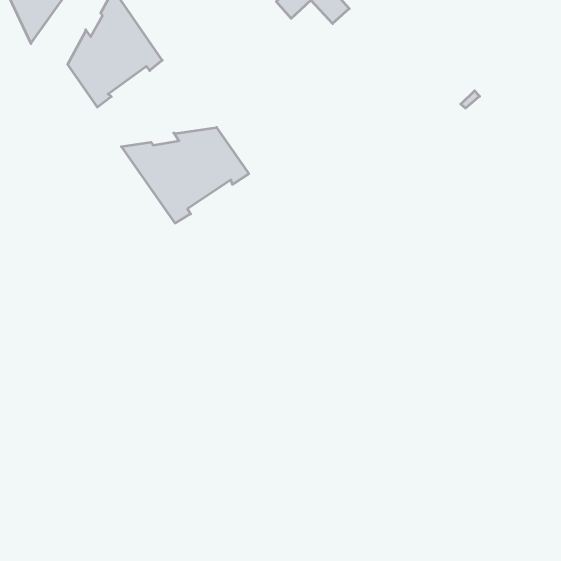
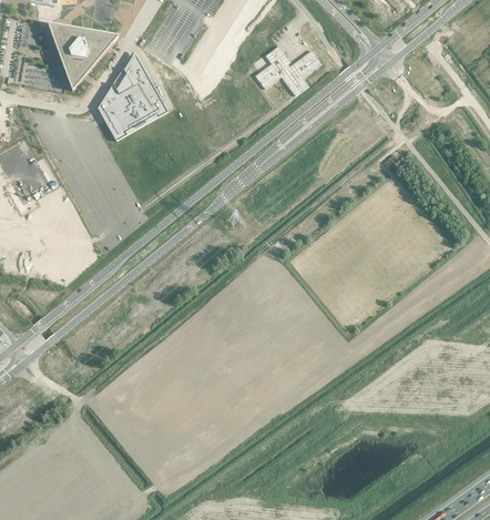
building: [121,127,249,223] -> none

